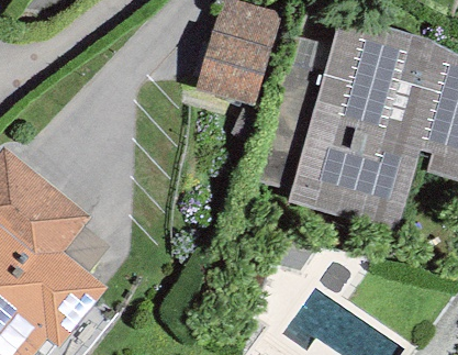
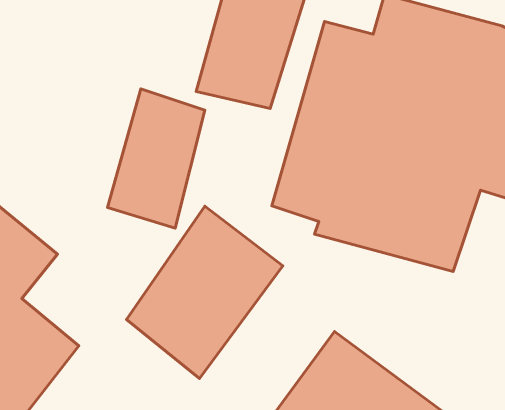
building: none -> [108,89,205,228]
building: none -> [126,206,283,378]

